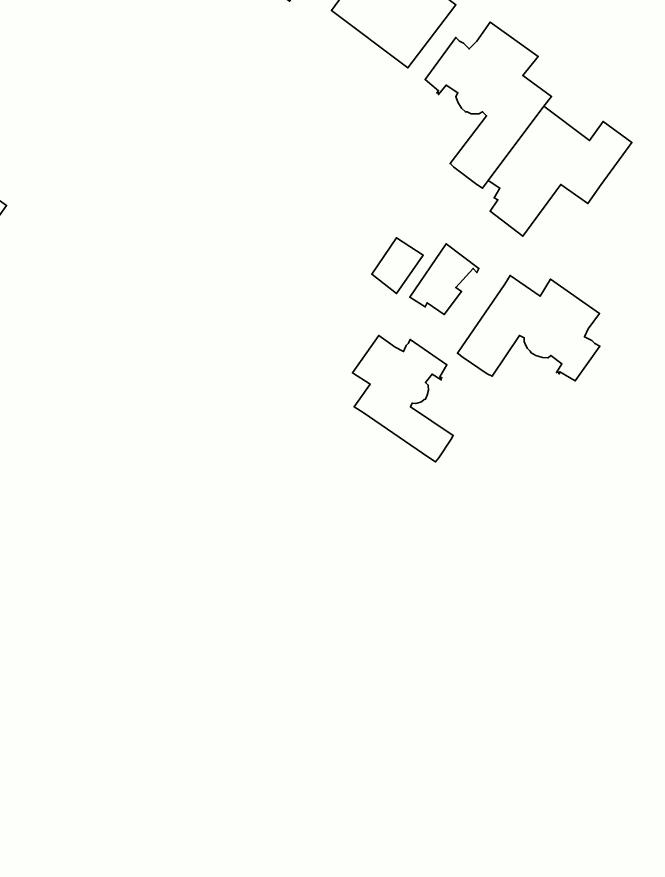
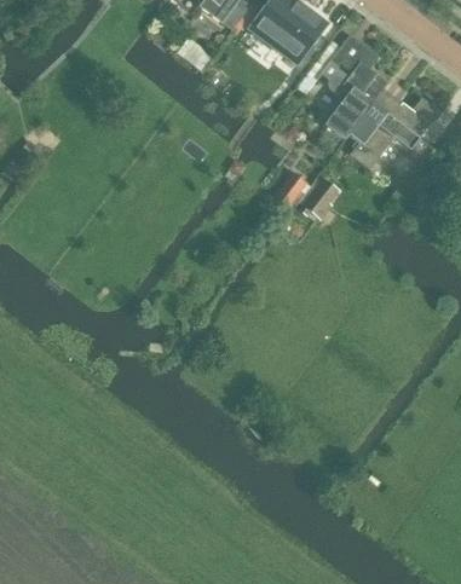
building: [458,276,600,381] -> none
building: [352,336,453,462] -> none

